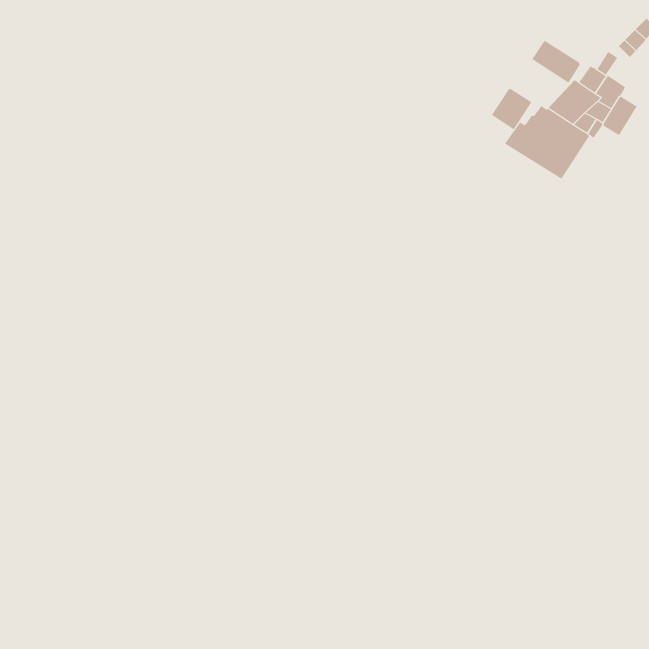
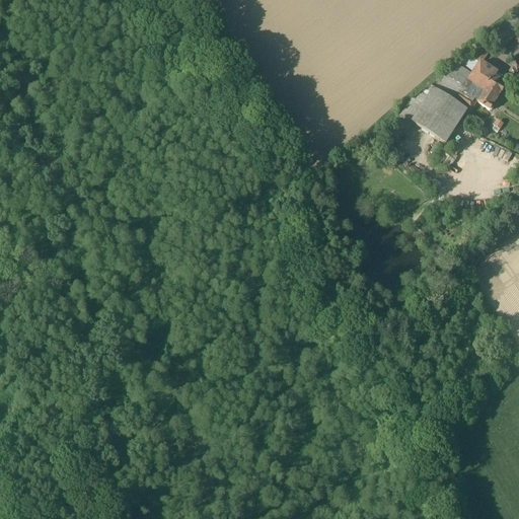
building: [532,40,581,83] -> none
building: [492,88,532,130] -> none

